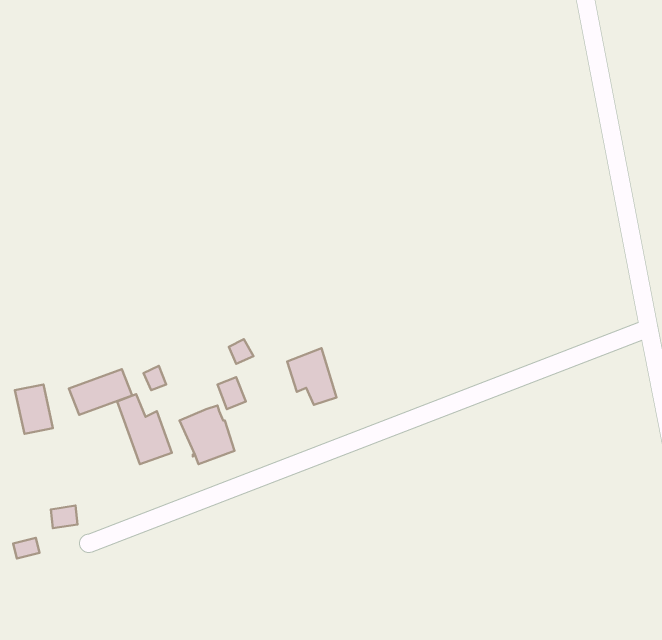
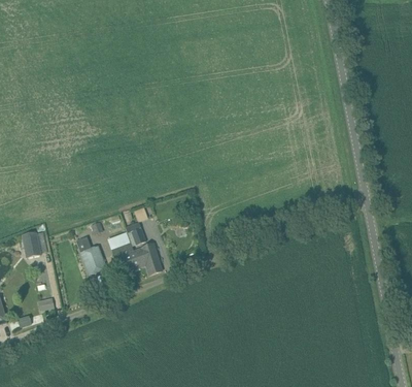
building: [287,348,337,405] -> [134,243,161,273]
building: [69,369,132,415] -> none

